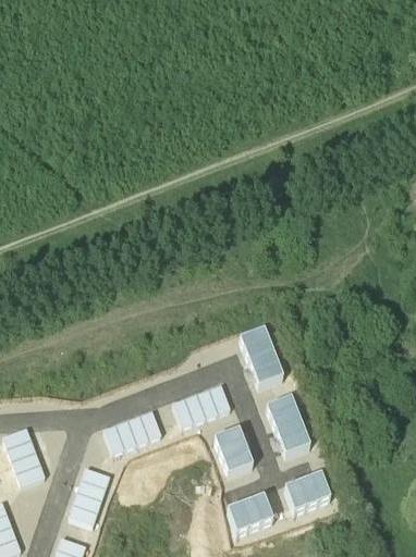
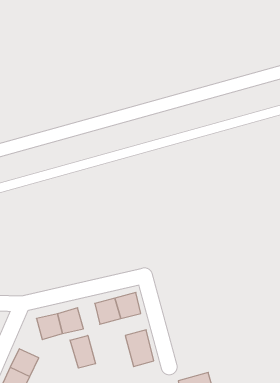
building: [240,330,283,388] -> none
building: [267,398,310,457] -> none
building: none -> [70,335,96,368]

